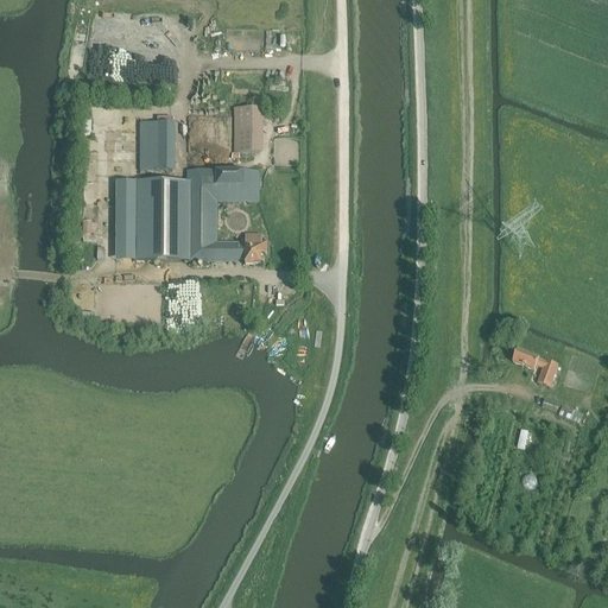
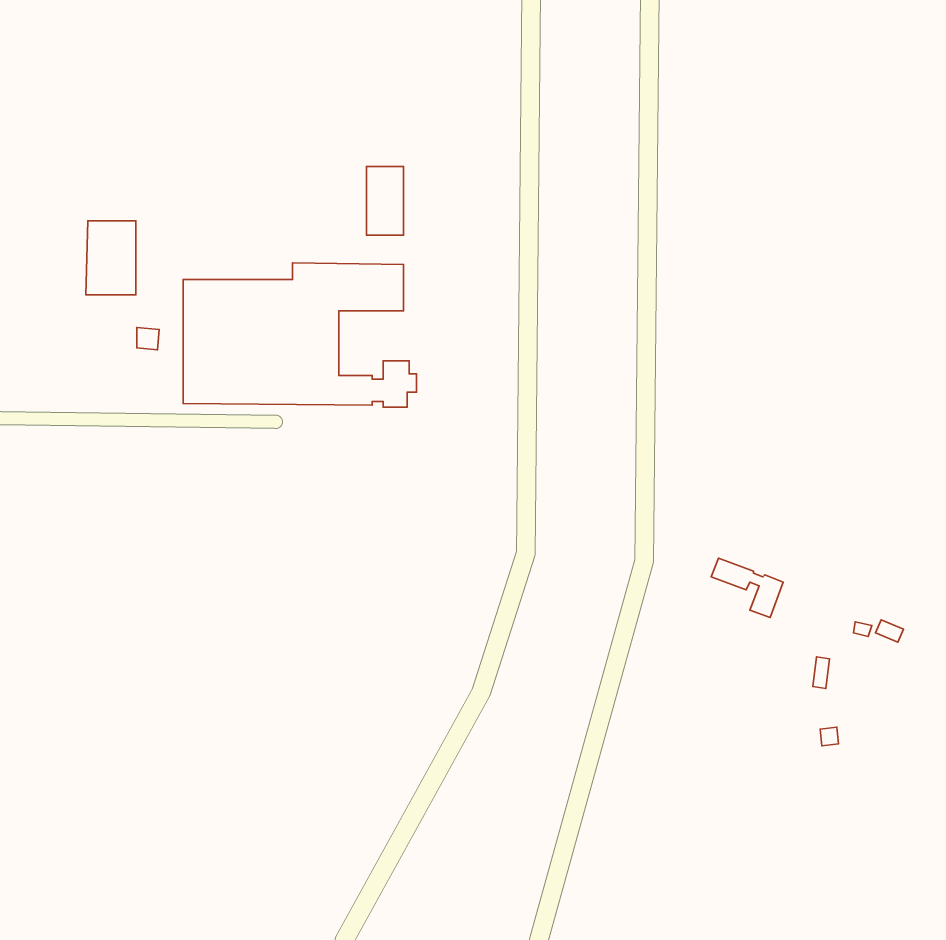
building: [140,120,172,167] -> [86,221,136,295]
building: [512,347,558,385] -> [711,558,783,617]

